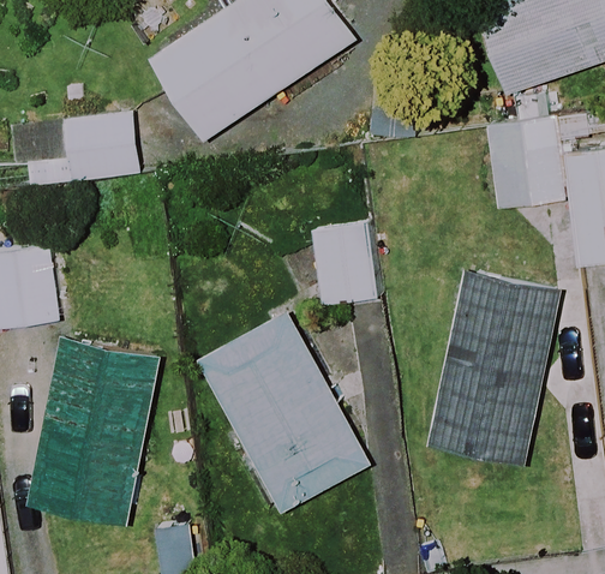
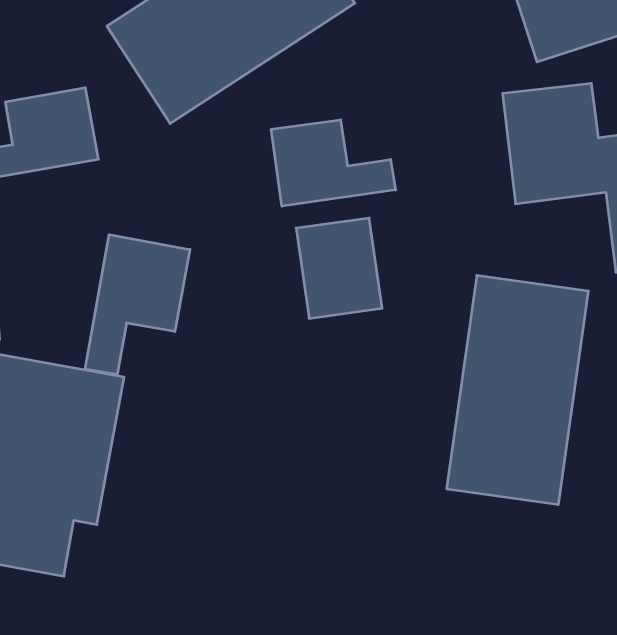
building: none -> [271,120,396,206]
building: none -> [85,235,190,374]
building: [198,311,370,513] -> none

